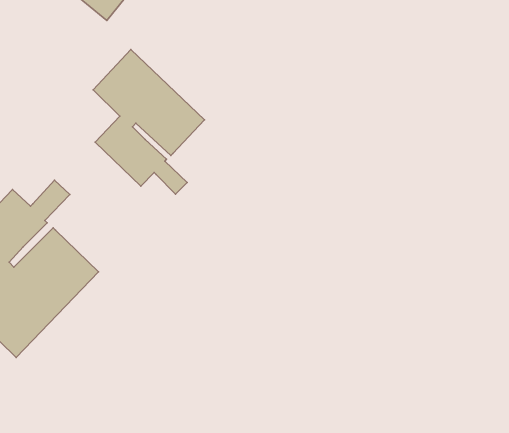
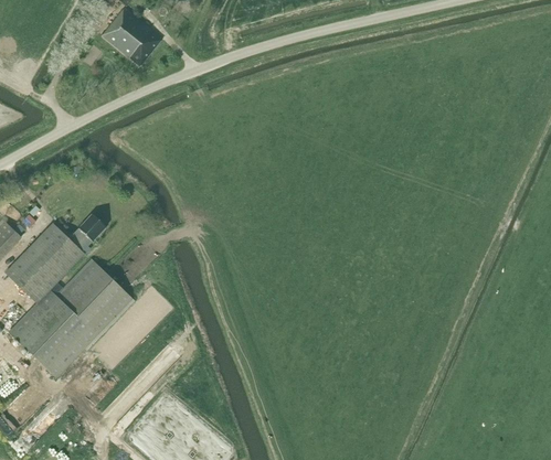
building: [93,50,204,194] -> none

